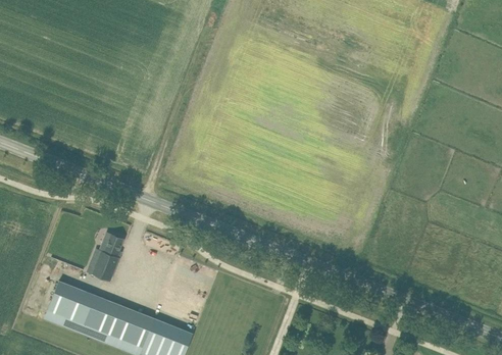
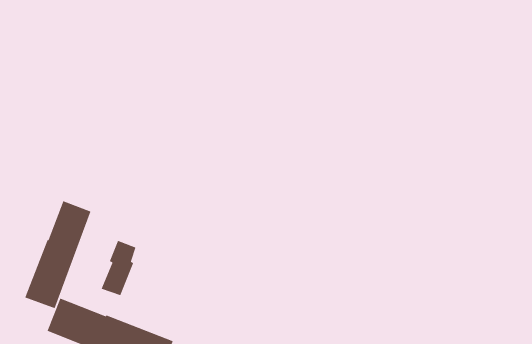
building: none -> [24,200,91,309]

